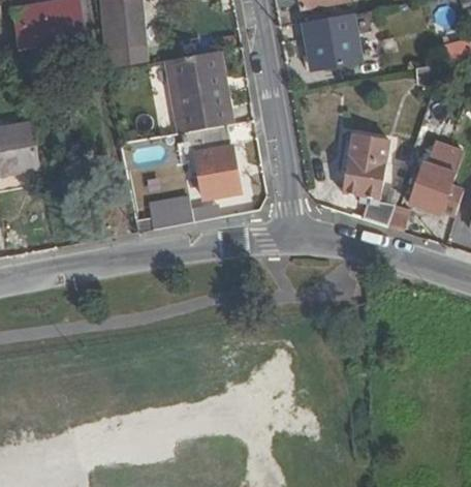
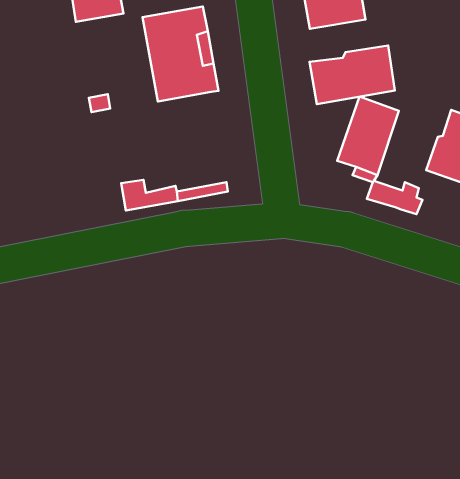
building: none -> [309,45,395,104]
building: [180,125,238,197] -> none

